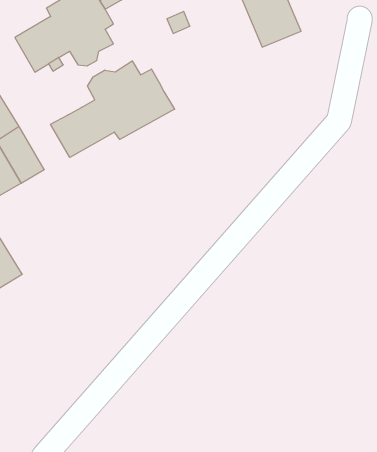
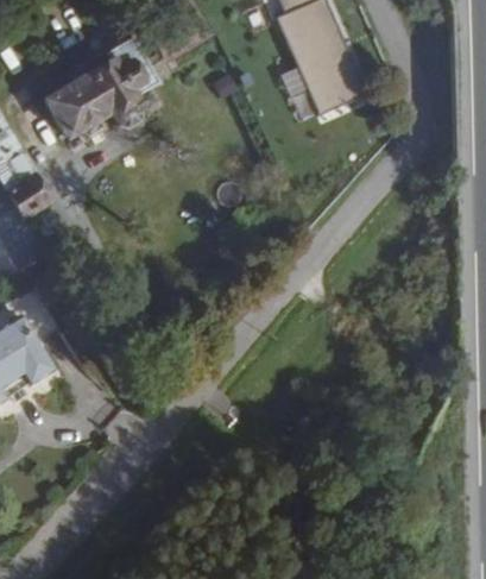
building: [51,61,175,157] -> none

